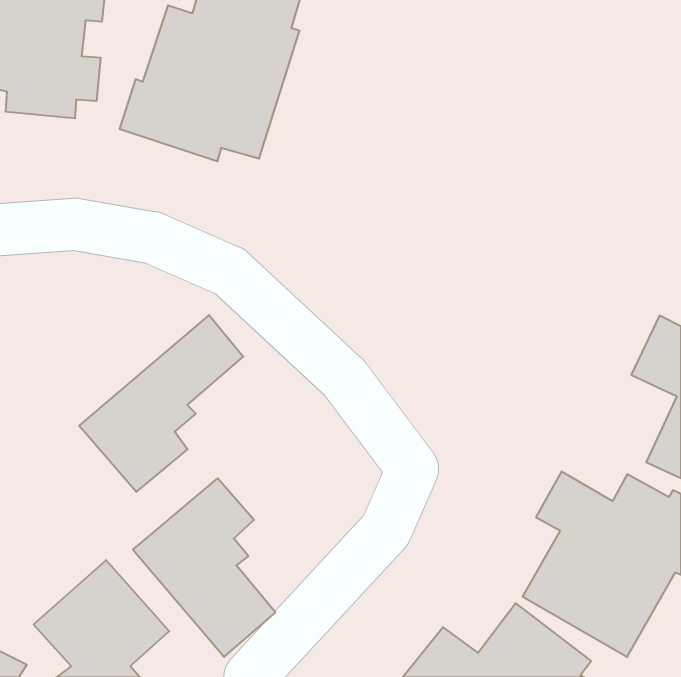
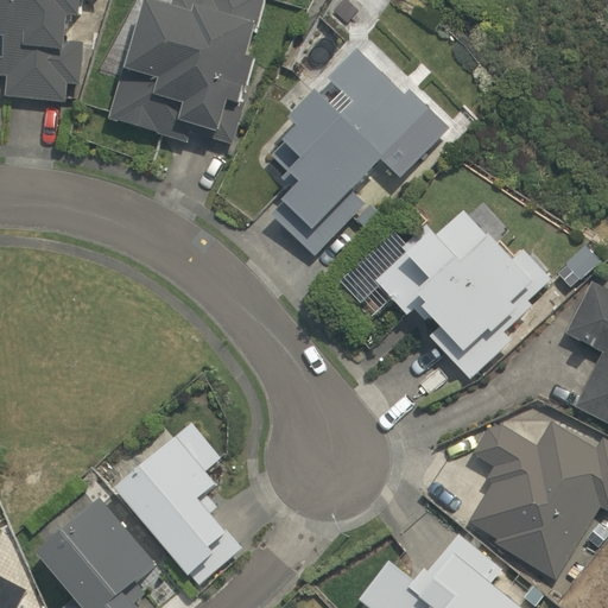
building: none -> [264,48,444,254]
building: none -> [374,203,553,380]
building: [79,315,243,492] -> none

